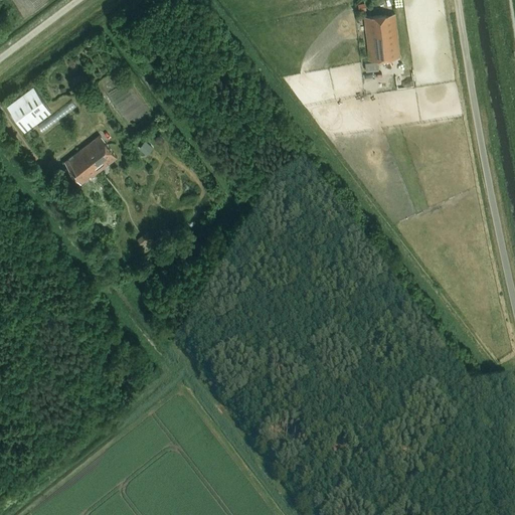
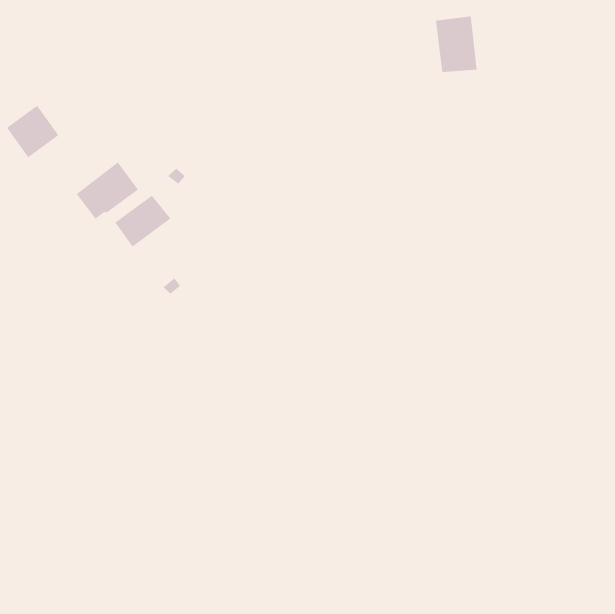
building: none -> [115,195,171,247]

